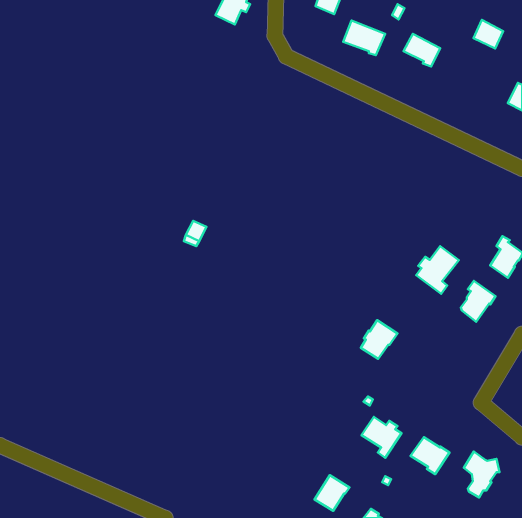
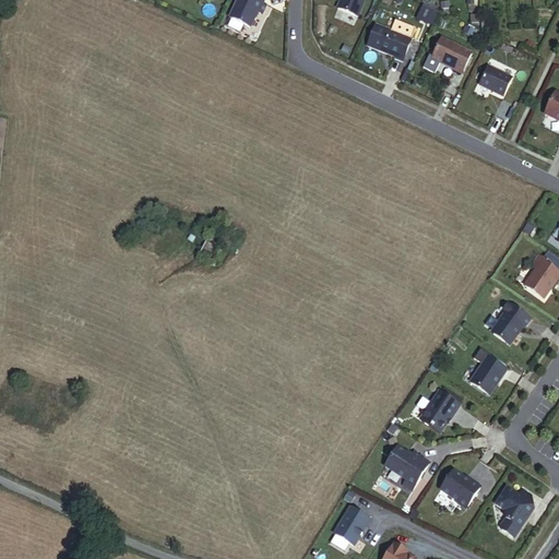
building: [474,20,503,49] -> [479,63,511,94]
building: [416,246,459,294] -> none
building: [361,320,398,359] -> [421,390,461,431]
building: none -> [469,355,507,393]

